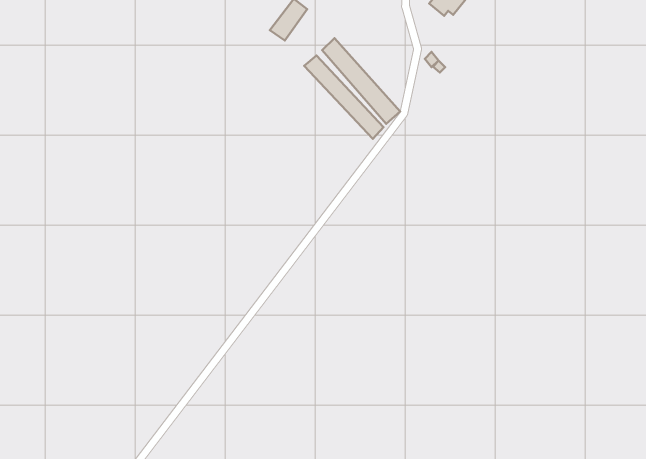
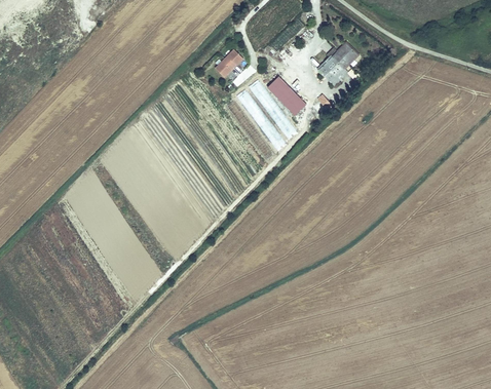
building: none -> [267,77,306,116]

